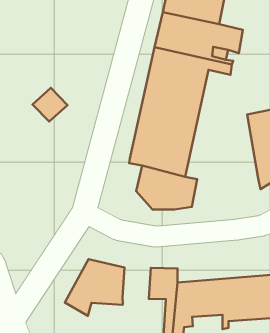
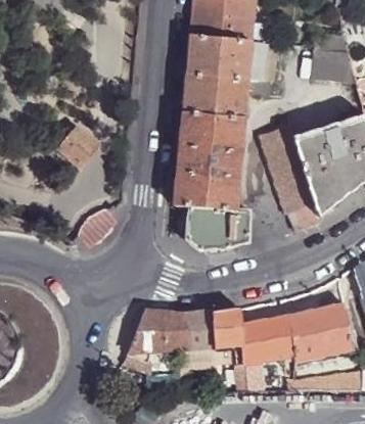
building: none -> [263,122,320,228]
building: none -> [183,312,214,347]

